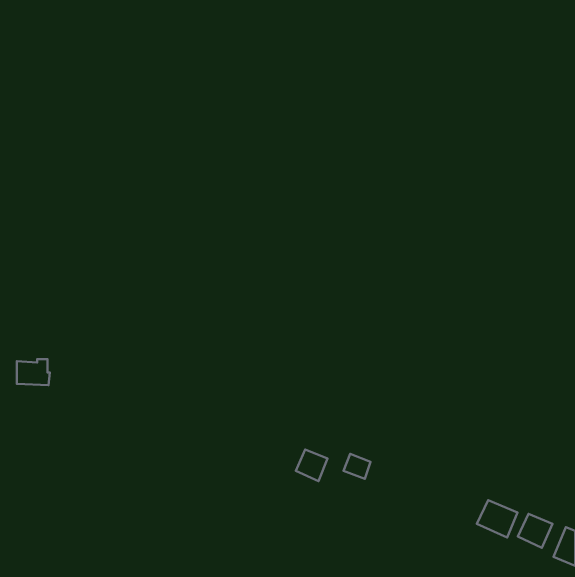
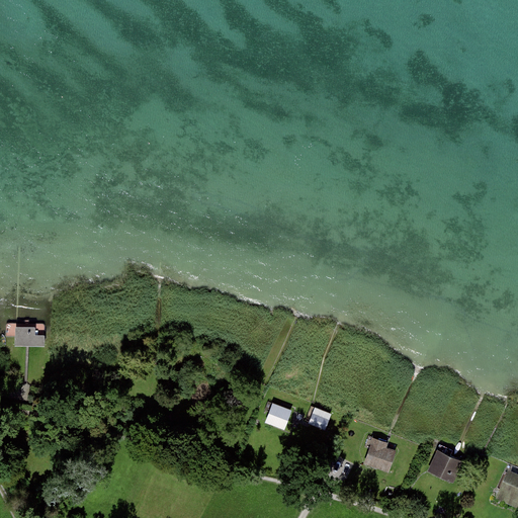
building: none -> [364,441,398,472]
building: [518,514,553,548] -> none

